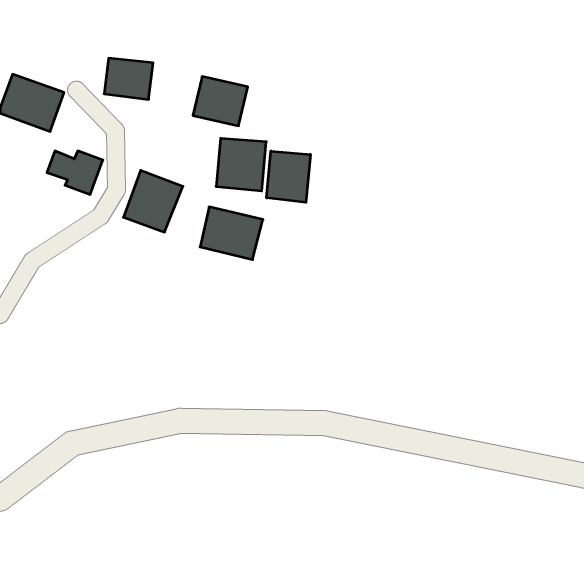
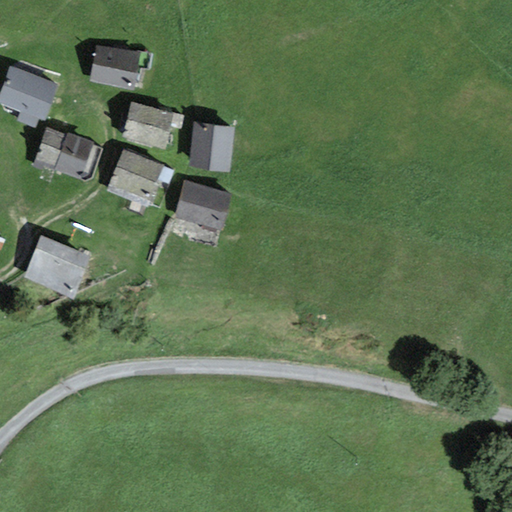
building: [193,77,248,126] -> [124,104,172,147]
building: [267,151,310,202] -> none
building: none -> [23,234,89,295]

